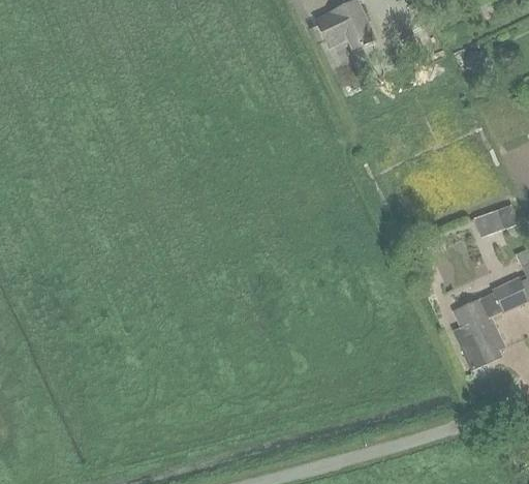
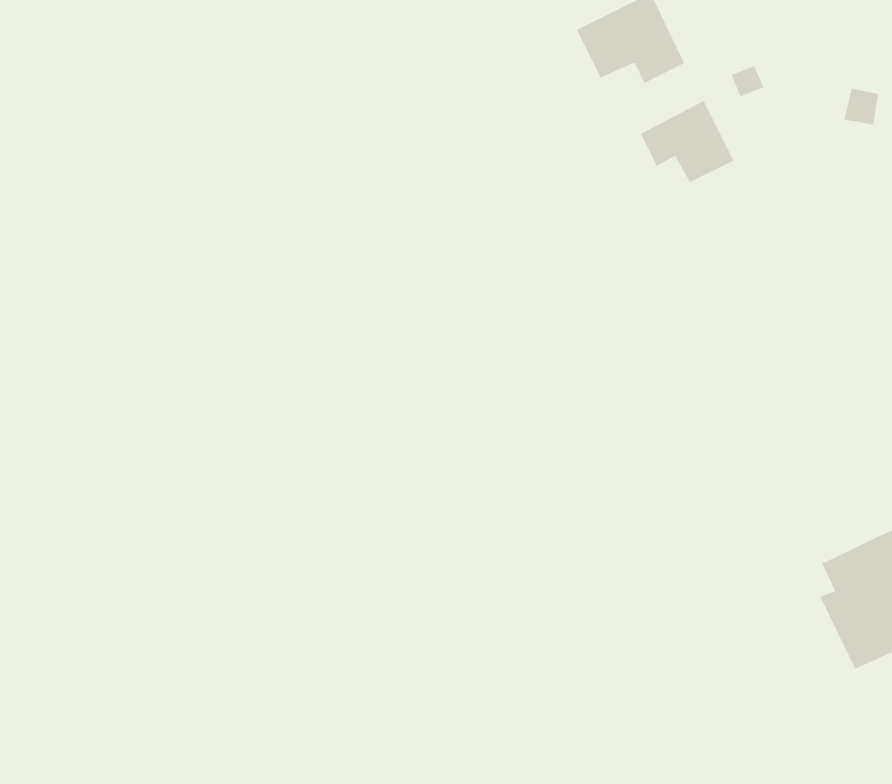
building: none -> [640,100,734,183]

